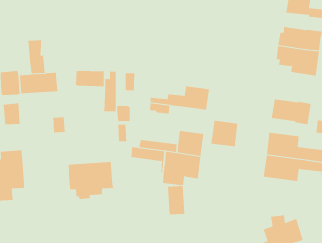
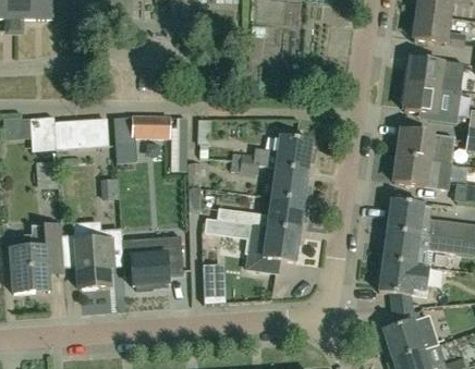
building: [27,40,45,74] -> [113,116,137,162]
building: none -> [399,127,455,161]
building: [210,120,238,147] -> [271,165,308,201]
building: none -> [62,222,123,288]
building: none -> [379,259,430,312]
building: [167,186,185,215] -> [203,265,227,304]

